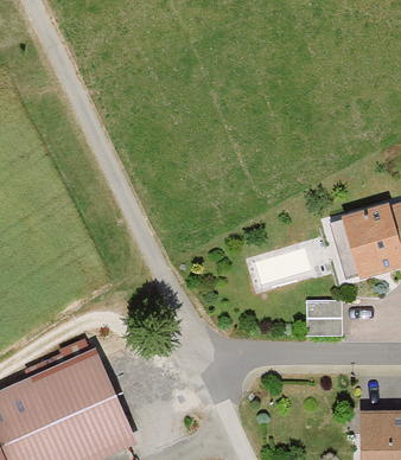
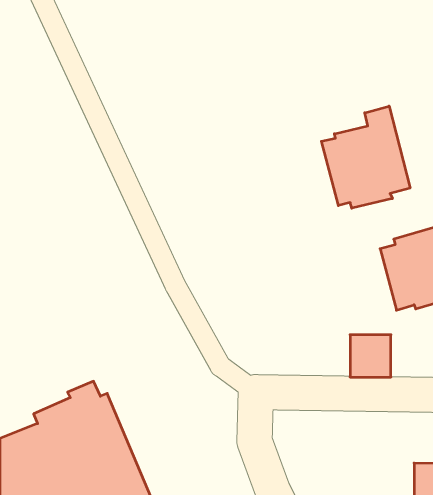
building: none -> [321,106,410,208]

